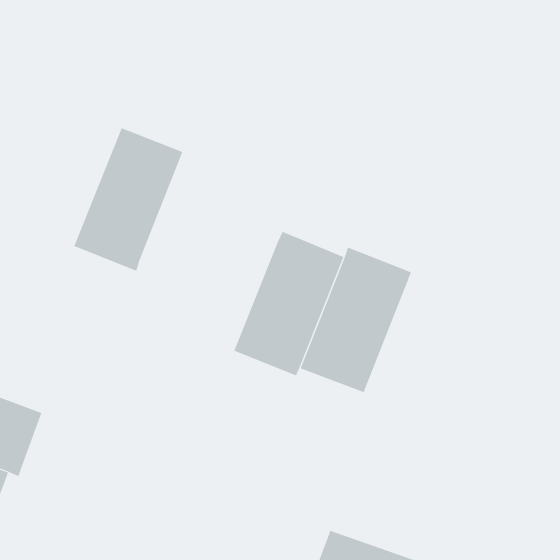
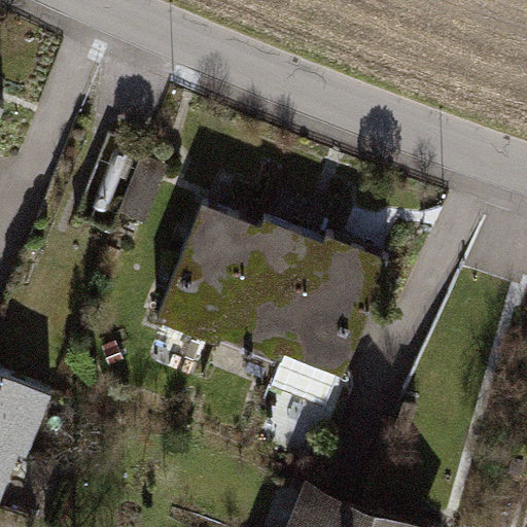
building: [74,128,183,272] -> [155,208,257,342]

